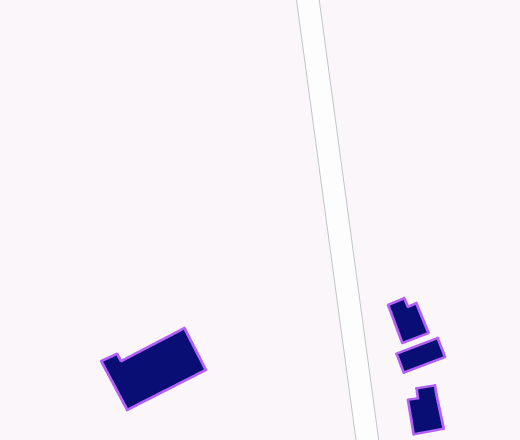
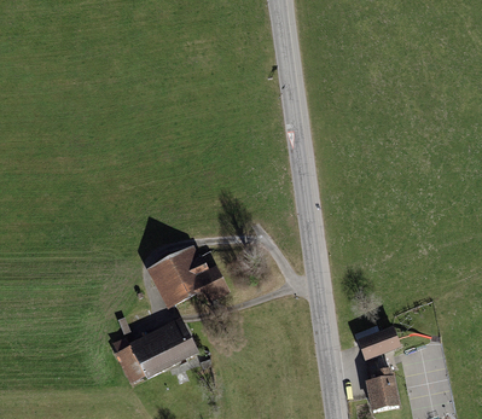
building: none -> [145,244,226,309]
building: [388,298,428,343] -> none

